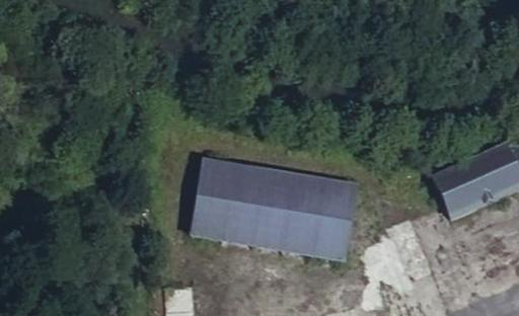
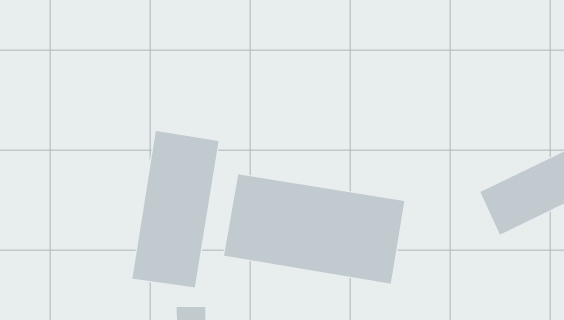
building: none -> [132,130,219,288]

